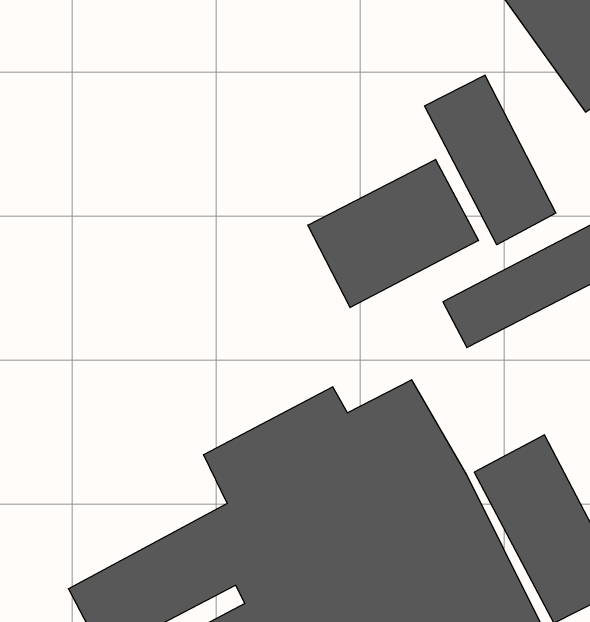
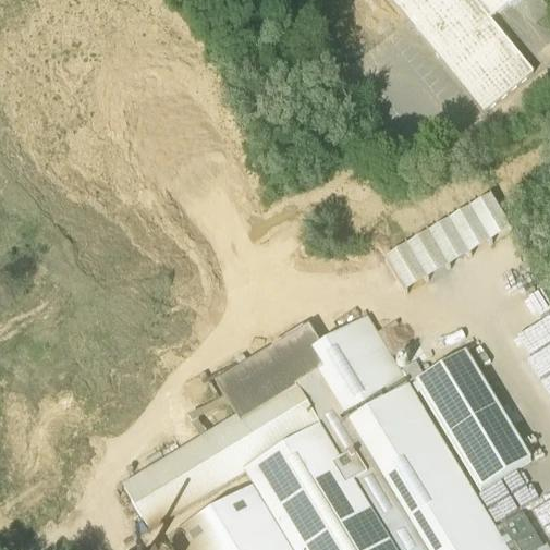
building: [425,75,556,245] -> none
building: [308,159,479,308] -> none

